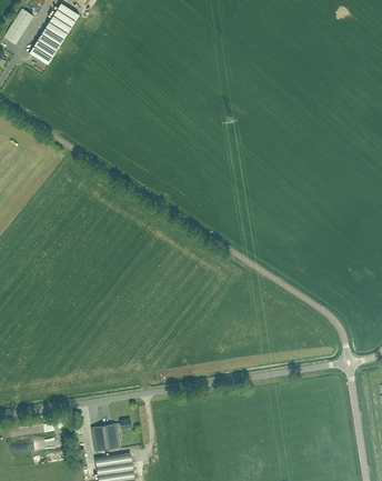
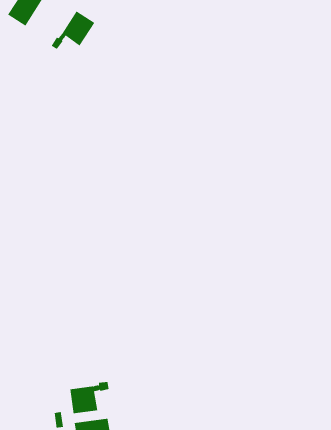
building: none -> [51,11,95,50]

